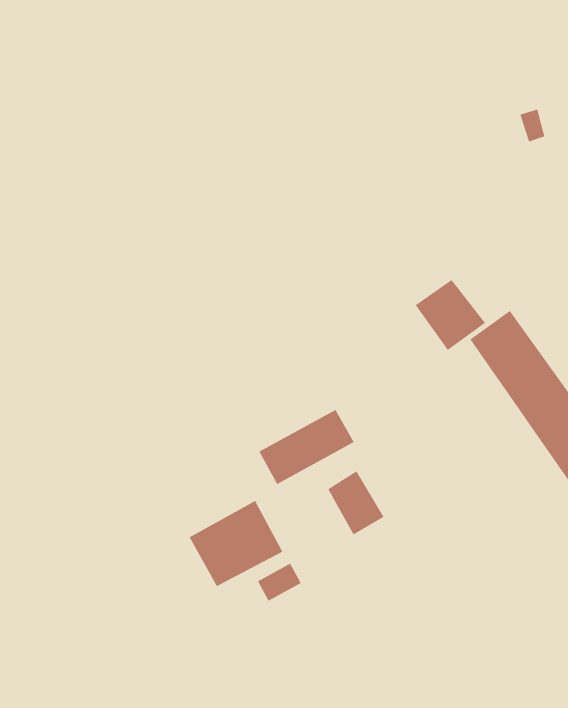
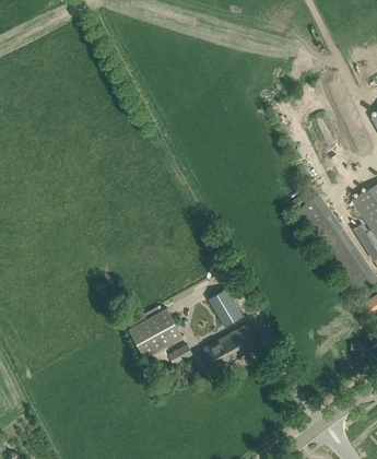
building: [415,279,486,351] -> none
building: [258,409,354,485] -> [201,323,258,368]

